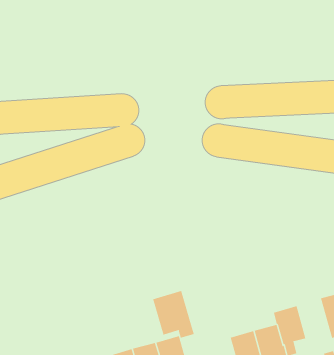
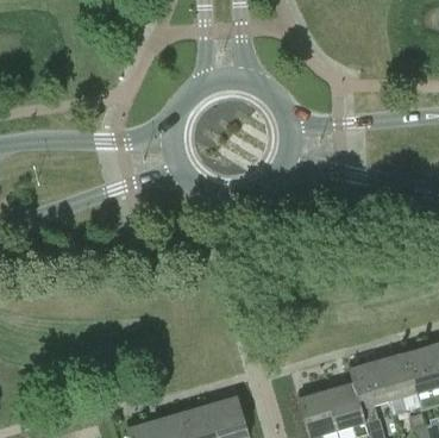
building: [152,290,194,339] -> none
building: none -> [377,353,415,401]

